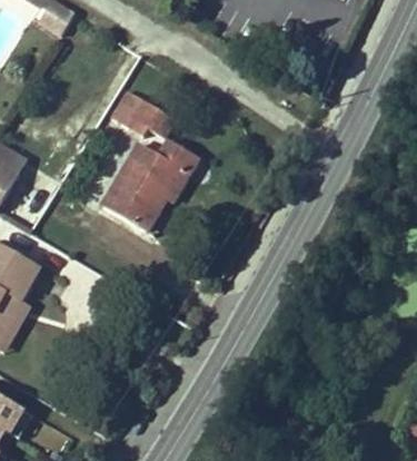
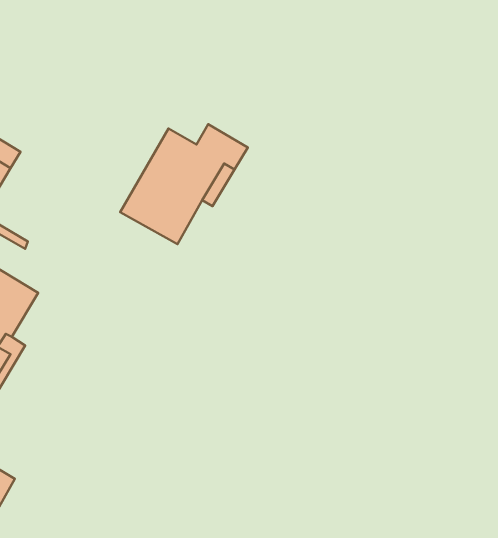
building: [111,89,176,138] -> none

